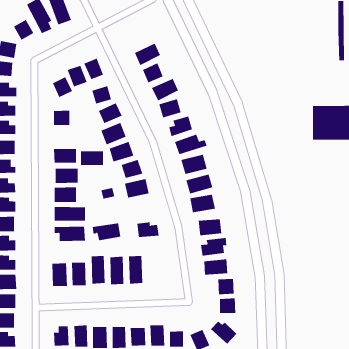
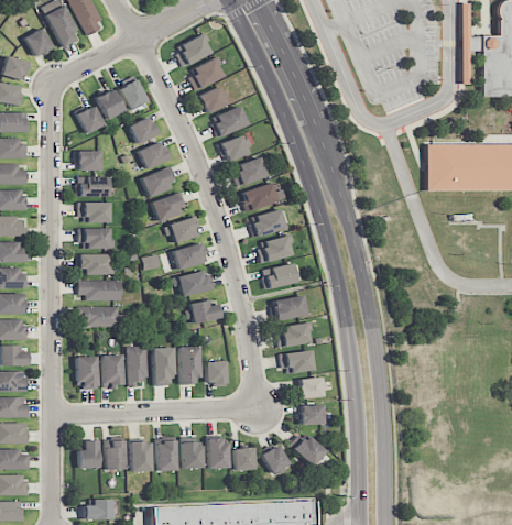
building: none -> [175,34,211,66]
building: [80,151,104,166] -> [77,176,109,196]
building: [92,223,121,241] -> [174,271,214,295]
building: none -> [206,361,227,383]

